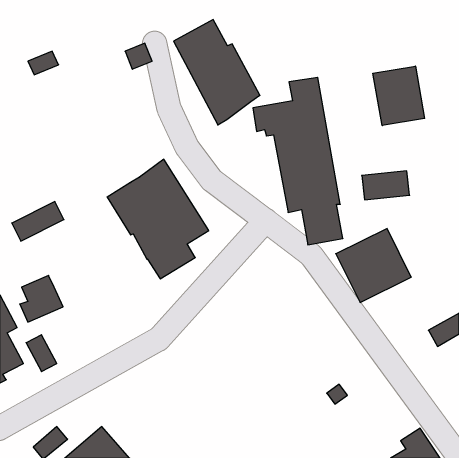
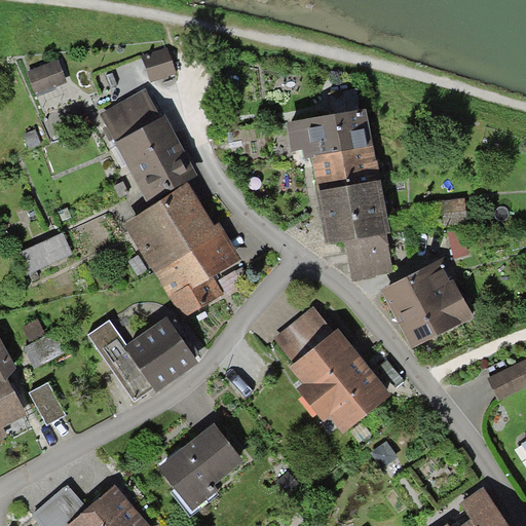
building: [174,20,260,125] -> [99,88,197,209]
building: [373,66,425,126] -> none
building: none -> [272,305,391,435]
building: none -> [89,318,197,397]
building: none -> [156,424,242,516]

